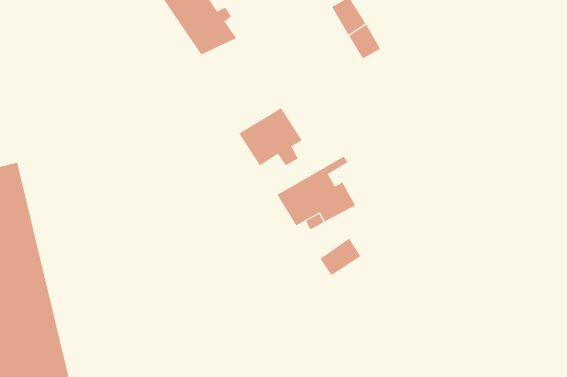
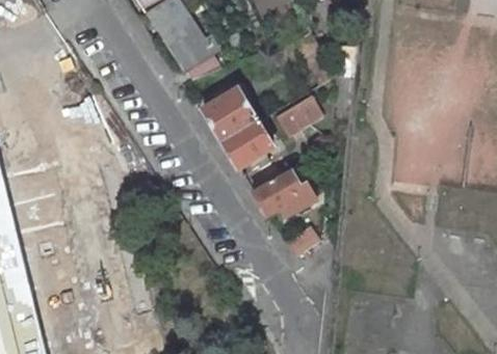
building: none -> [200,88,256,141]
building: none -> [276,94,321,134]

